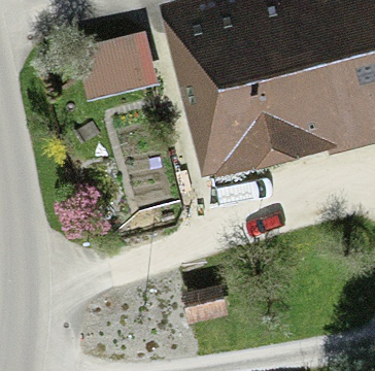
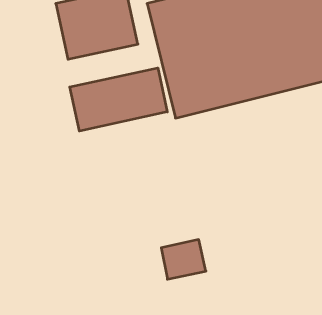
building: none -> [70,68,167,131]

